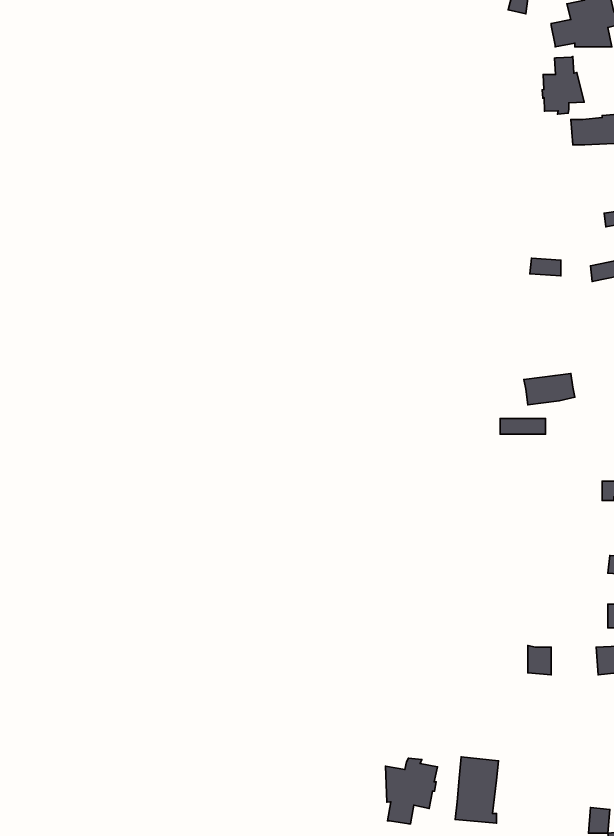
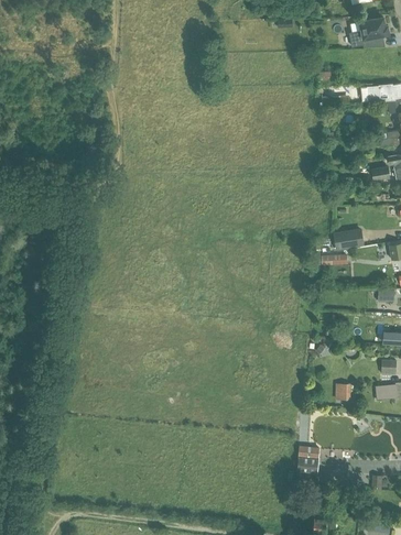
building: [542,57,584,114] -> none
building: [386,758,437,824] -> none

